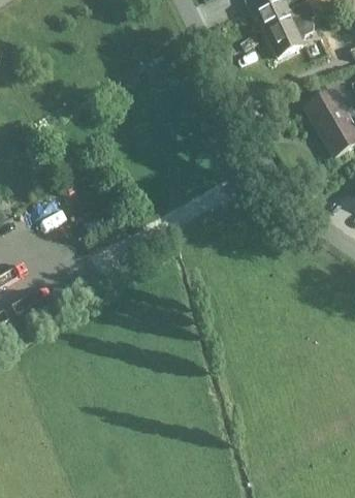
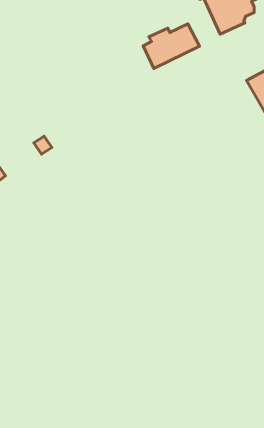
building: none -> [143,24,199,69]

